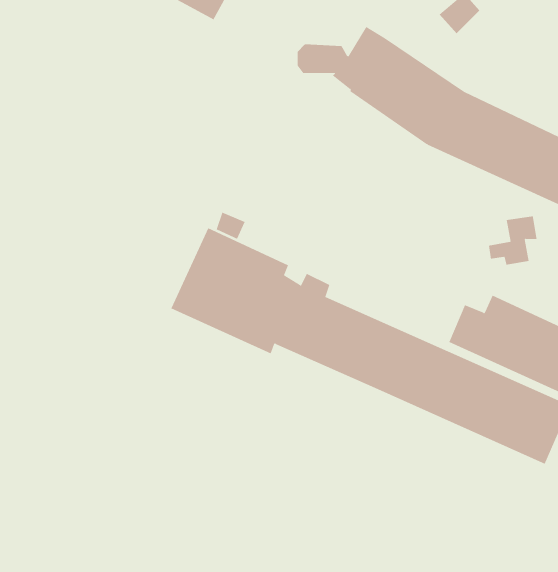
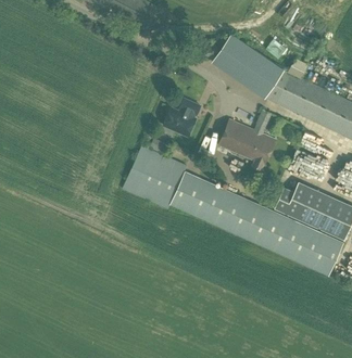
building: none -> [162,97,201,137]
building: none -> [218,110,275,170]

